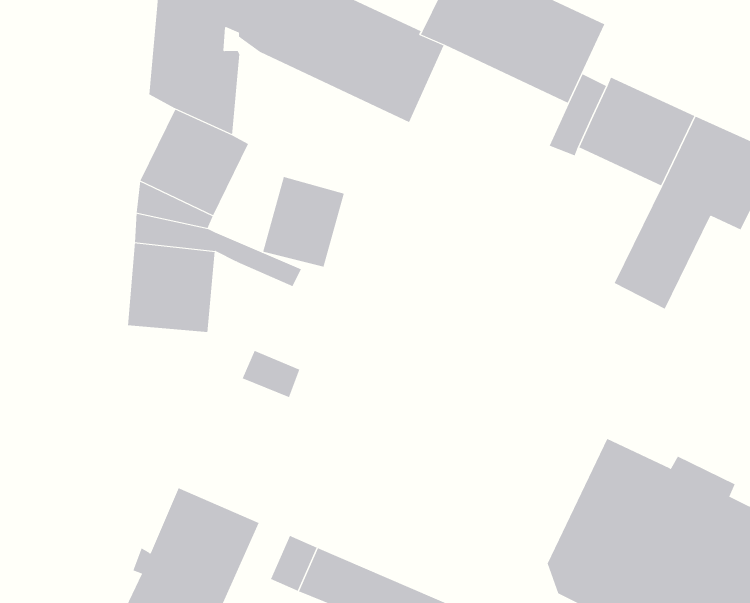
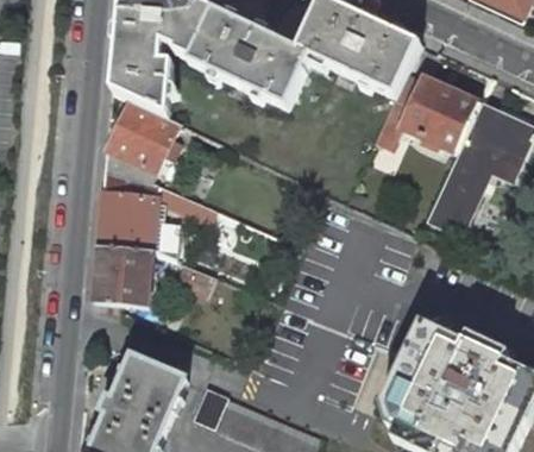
building: [262,176,344,268] -> none
building: none -> [90,249,151,307]

